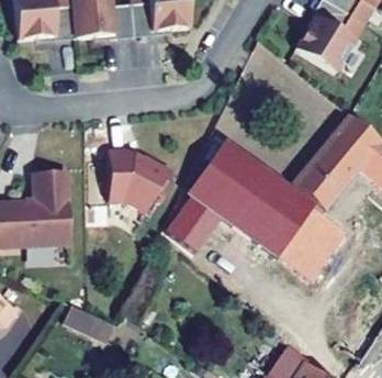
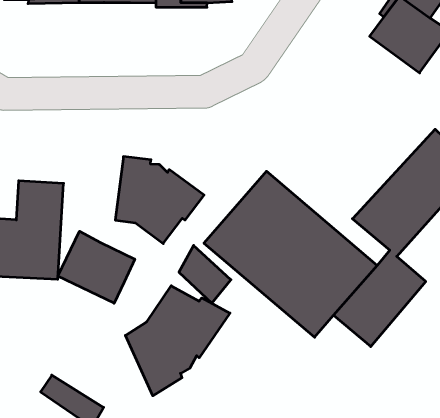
building: none -> [58,231,135,303]
building: none -> [125,286,230,396]

